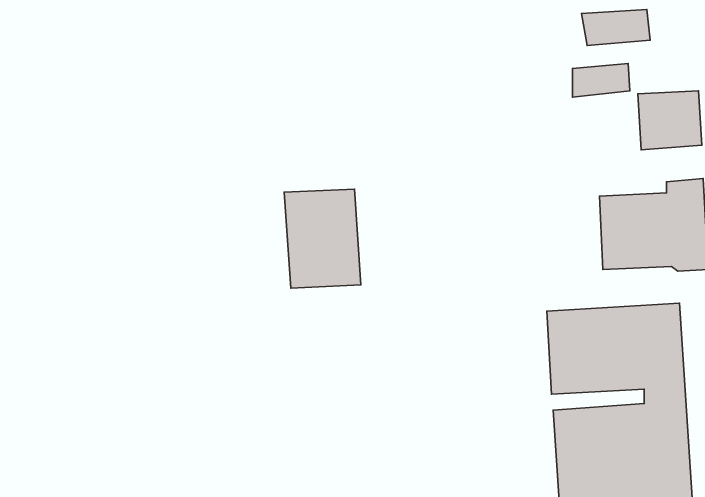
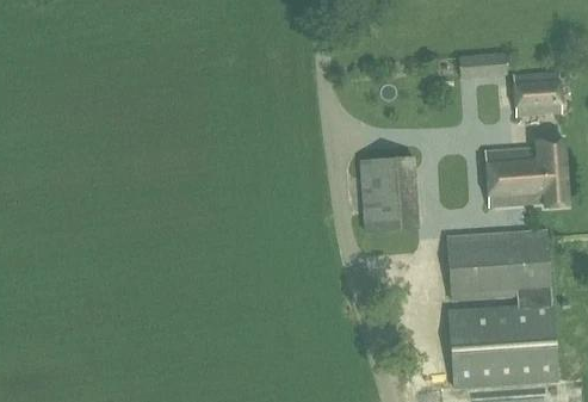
building: [582,10,650,46] -> none
building: [284,189,361,288] -> [360,156,417,230]

